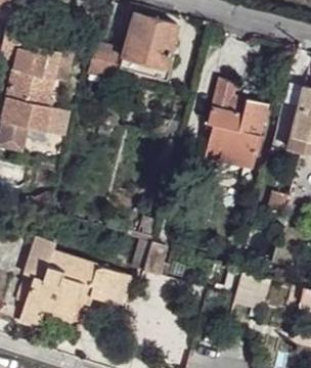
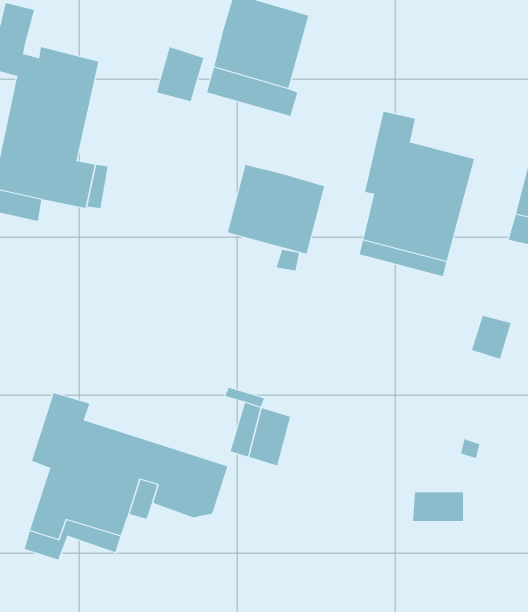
building: none -> [227,164,325,255]

